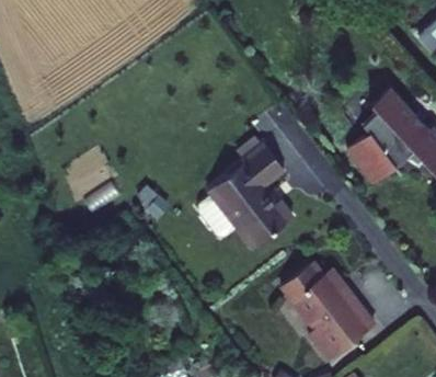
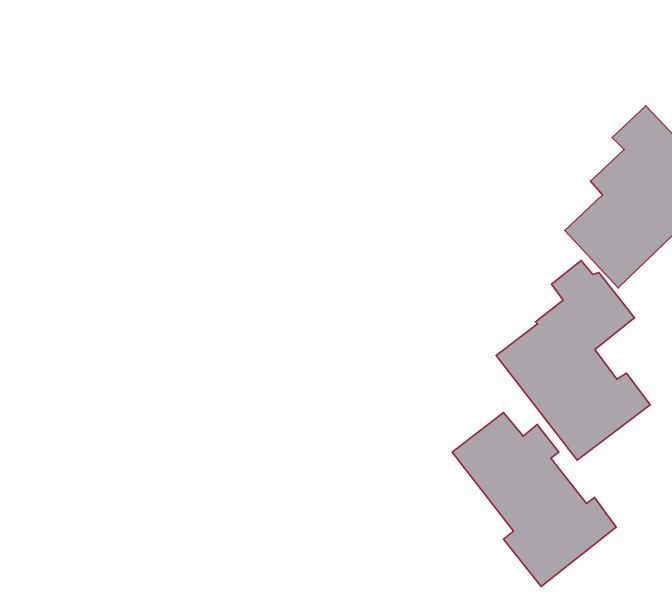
building: [208,140,294,251] -> [496,261,650,460]

